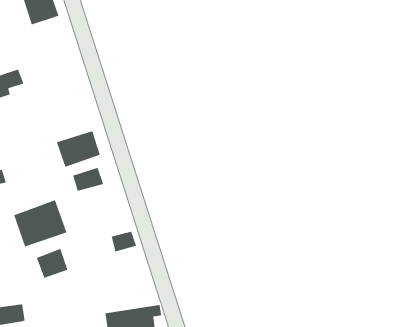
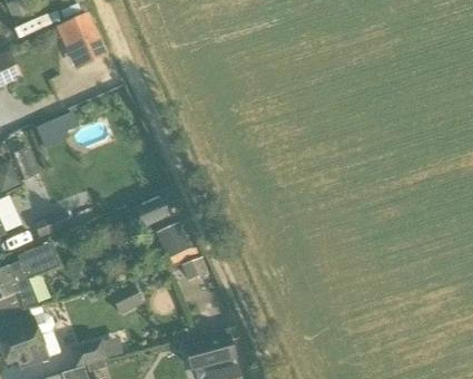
building: [56,130,101,168] -> none
building: none -> [157,221,193,257]
building: [13,199,68,248] -> none

